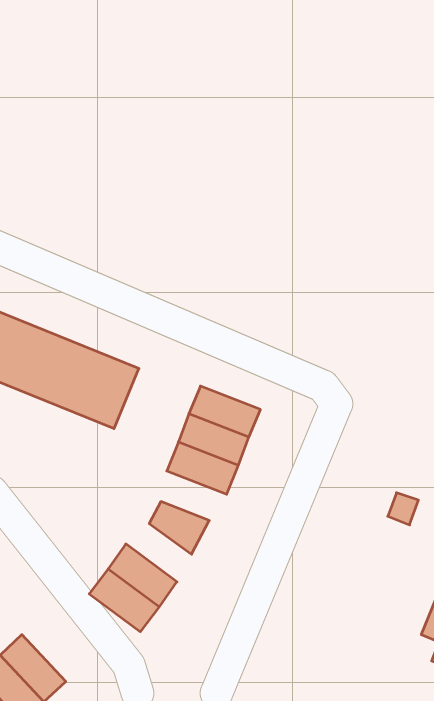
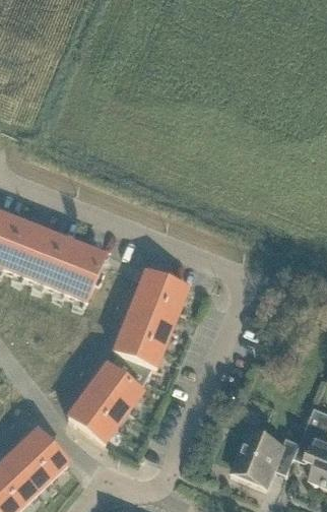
building: none -> [114,329,164,365]
building: none -> [93,363,142,406]
building: none -> [21,429,67,475]
building: none -> [233,433,299,482]

